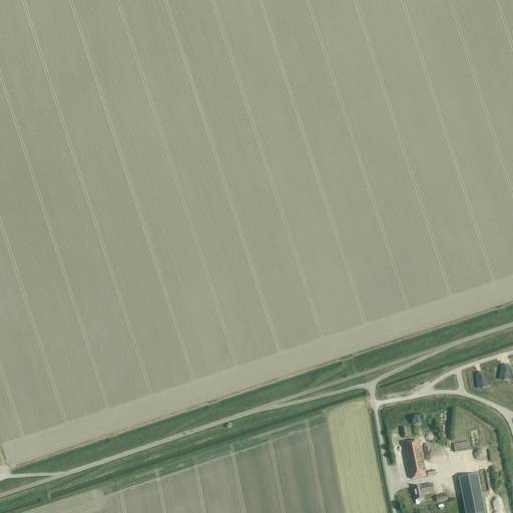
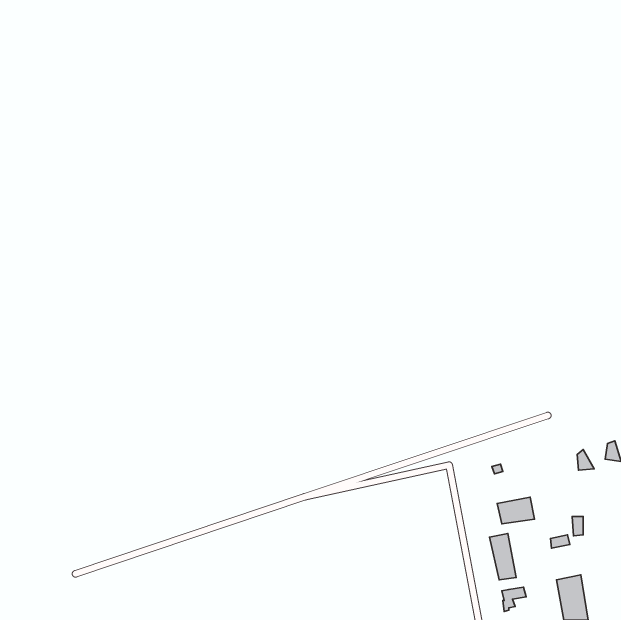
building: none -> [497,497,534,524]

